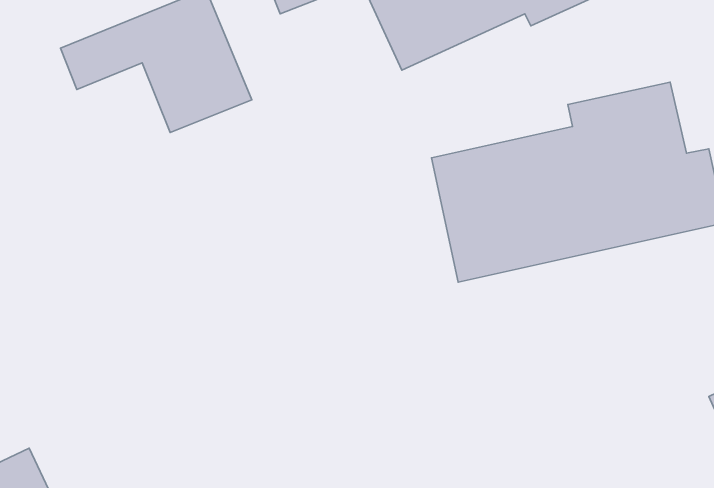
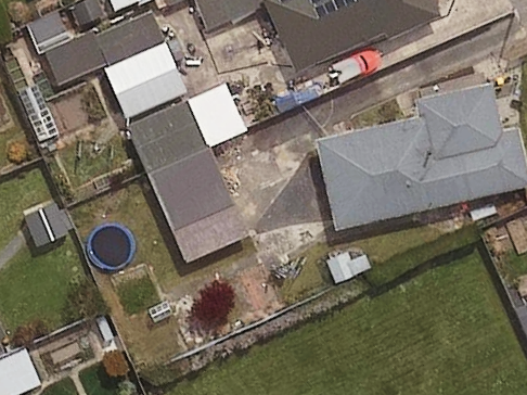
building: none -> [131,87,247,260]

